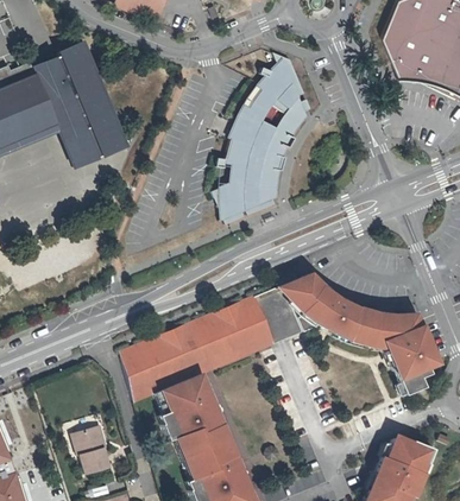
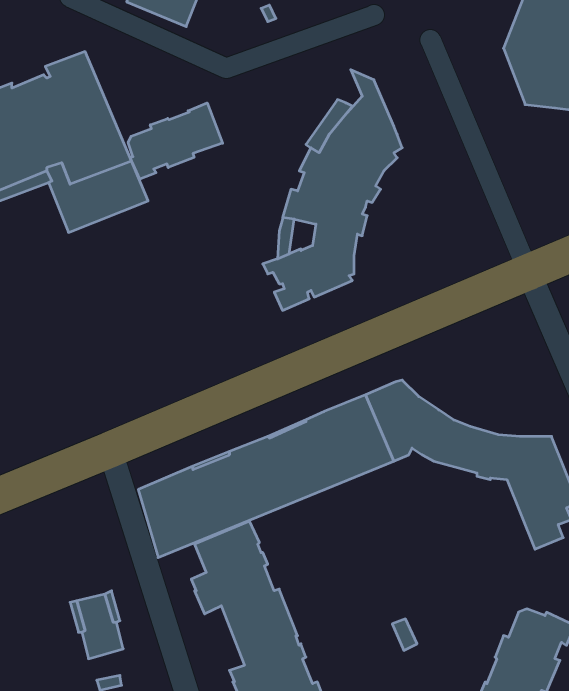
building: none -> [128,103,223,179]

